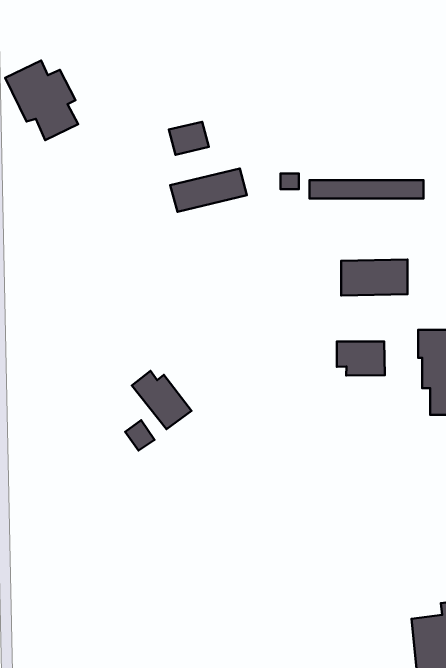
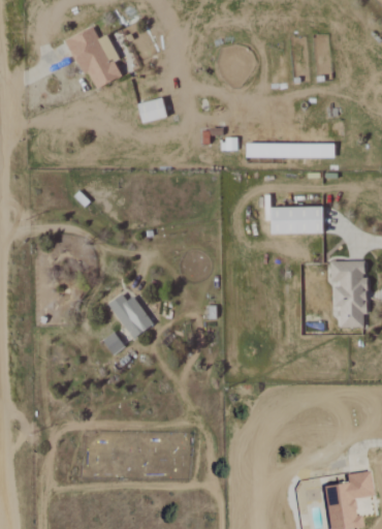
building: [5,61,78,140] -> [65,27,122,89]
building: [170,169,247,212] -> none
building: [337,342,385,376] -> none

